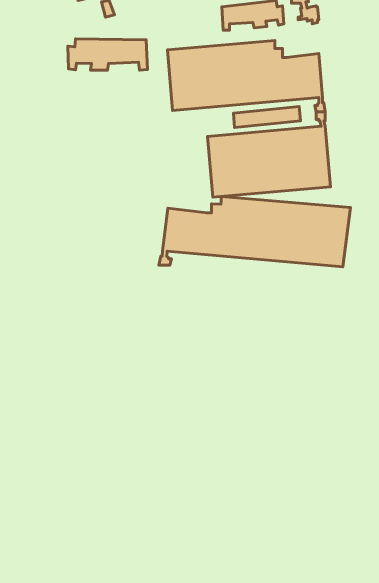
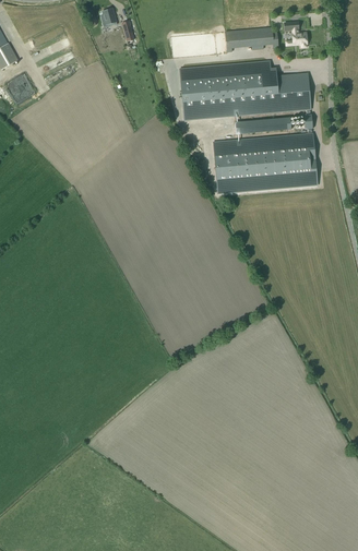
building: [68,39,148,70] -> none
building: [159,197,350,267] -> none

